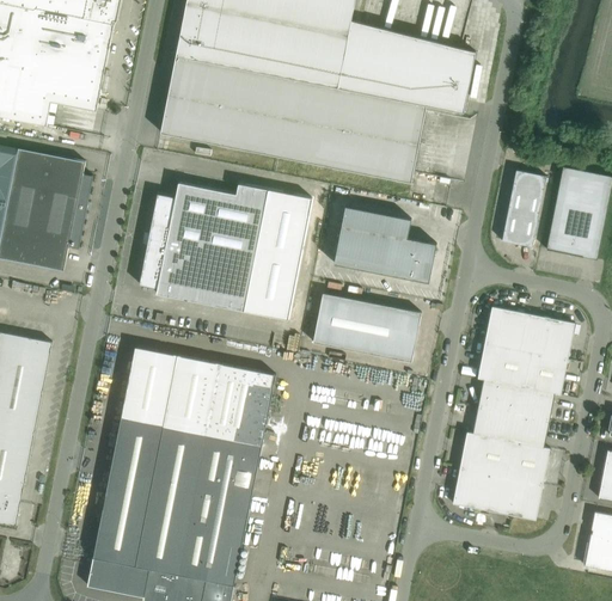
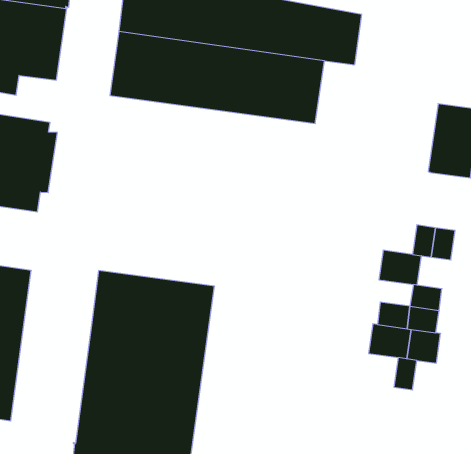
building: [501,170,546,246] -> none
building: [139,182,312,319] -> none
building: [333,206,436,280] -> none
building: [312,293,421,360] -> none
building: [484,306,527,349] -> none
building: [524,351,567,394] -> none
building: [477,379,519,412] -> none
building: [452,467,495,510] -> none
building: [510,479,541,520] -> none

